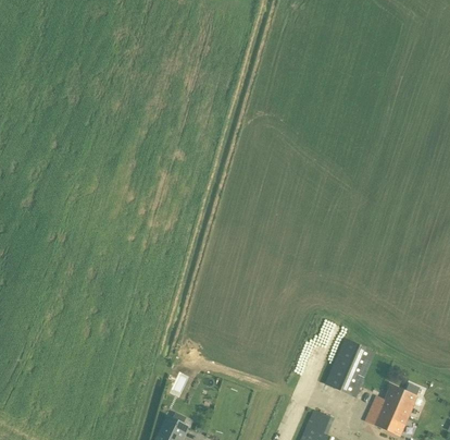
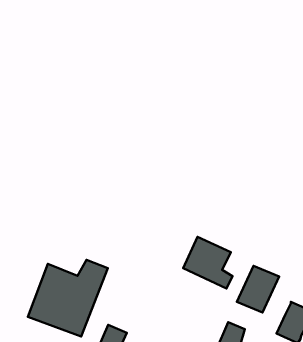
building: none -> [183,237,232,289]
building: none -> [28,260,108,336]

